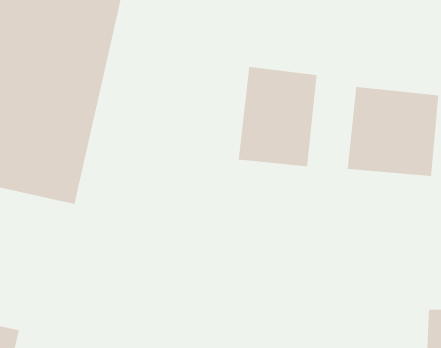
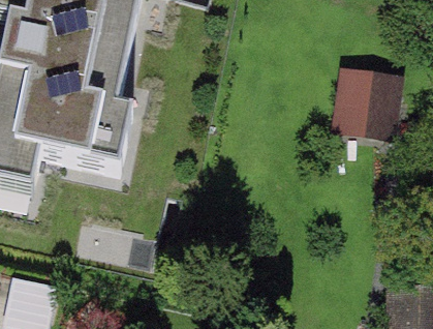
building: [238,66,317,167] -> none

